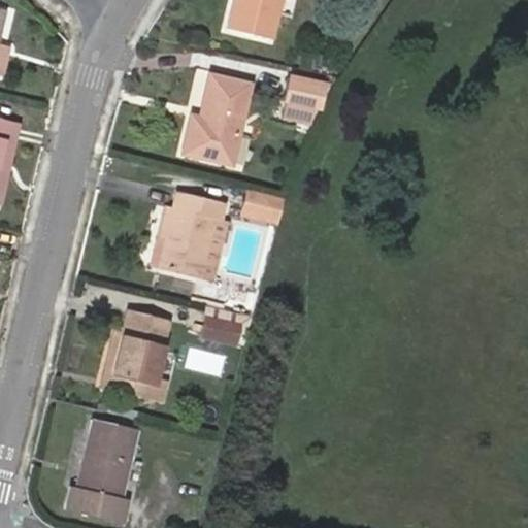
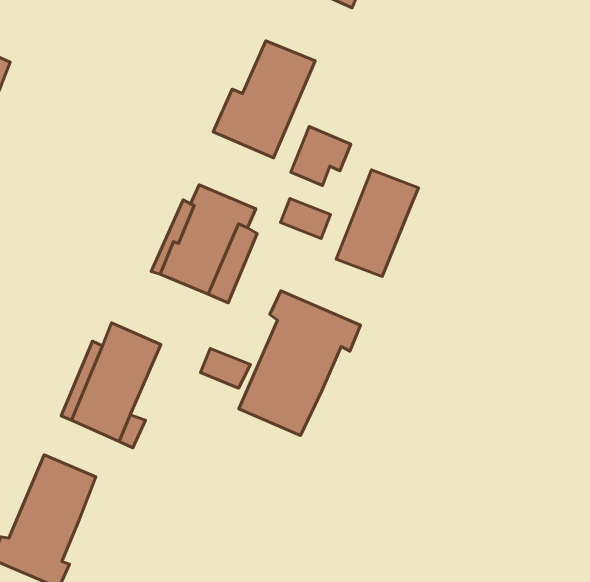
building: [284,76,326,120] -> [291,127,351,185]
building: none -> [336,170,419,277]
building: none -> [239,291,360,436]

